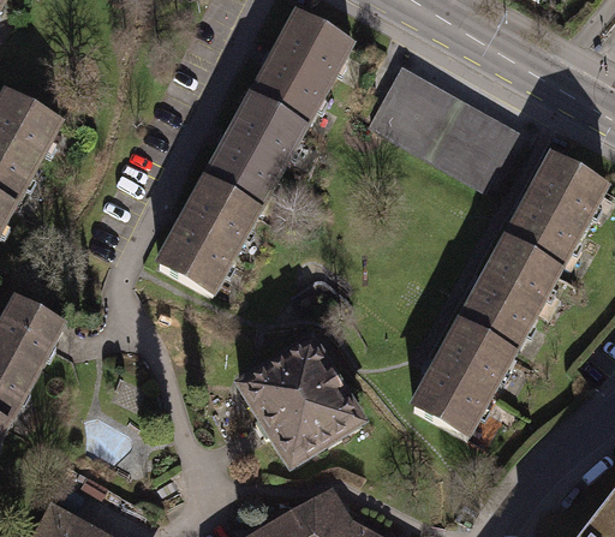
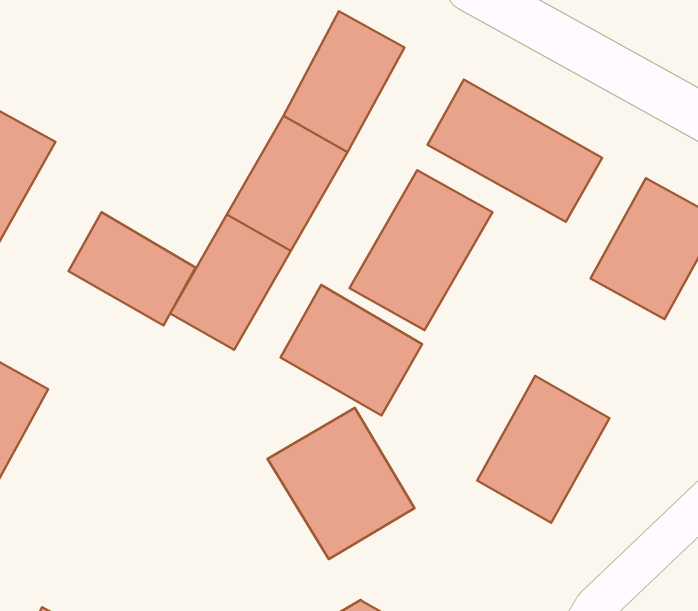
building: none -> [349,170,492,330]
building: none -> [68,212,195,326]
building: [459,233,566,348] -> none
building: none -> [280,285,422,415]

